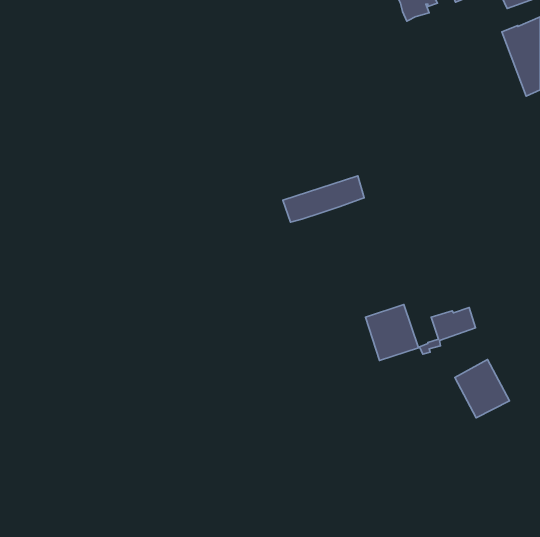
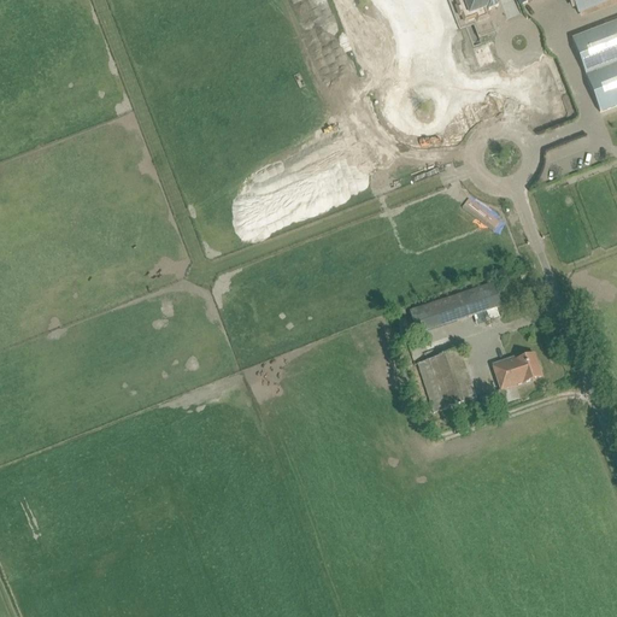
building: [283,176,364,222] -> [409,278,501,331]
building: [455,360,510,418] -> none

